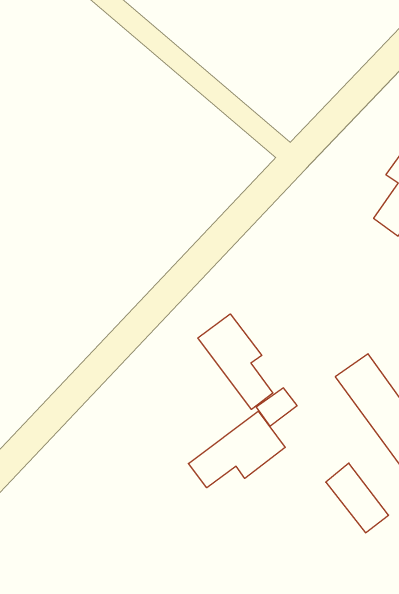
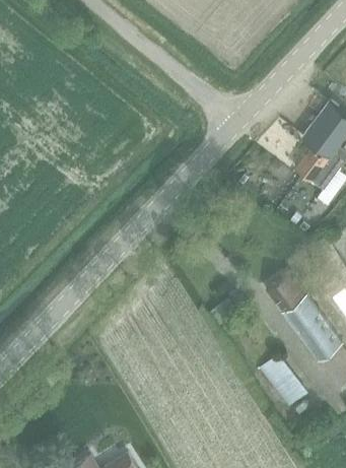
building: [198,314,273,409] -> none
building: [188,411,285,488] -> none

